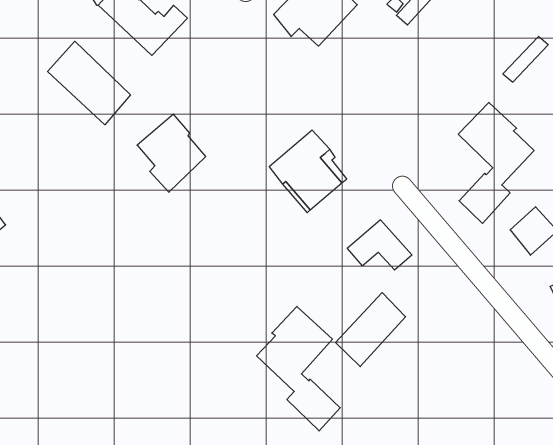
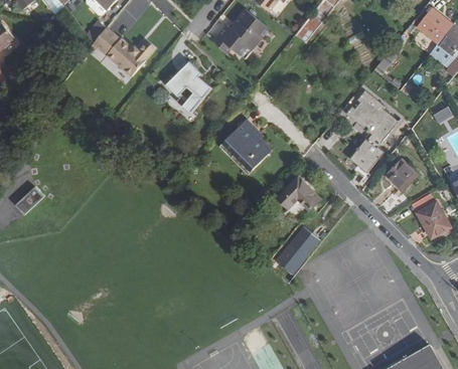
building: [48,41,130,125] -> none
building: [137,114,206,192] -> [165,60,212,114]
building: [257,306,340,431] -> none

